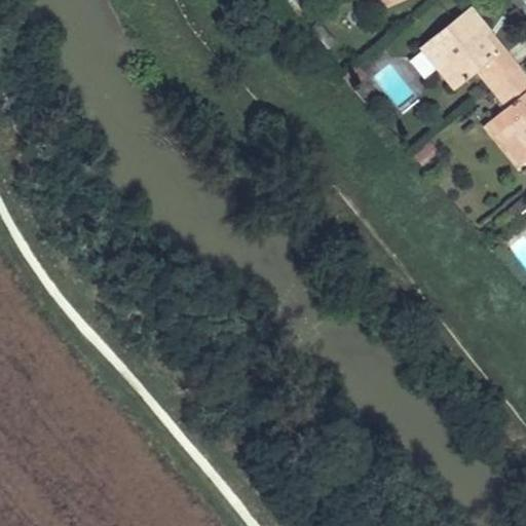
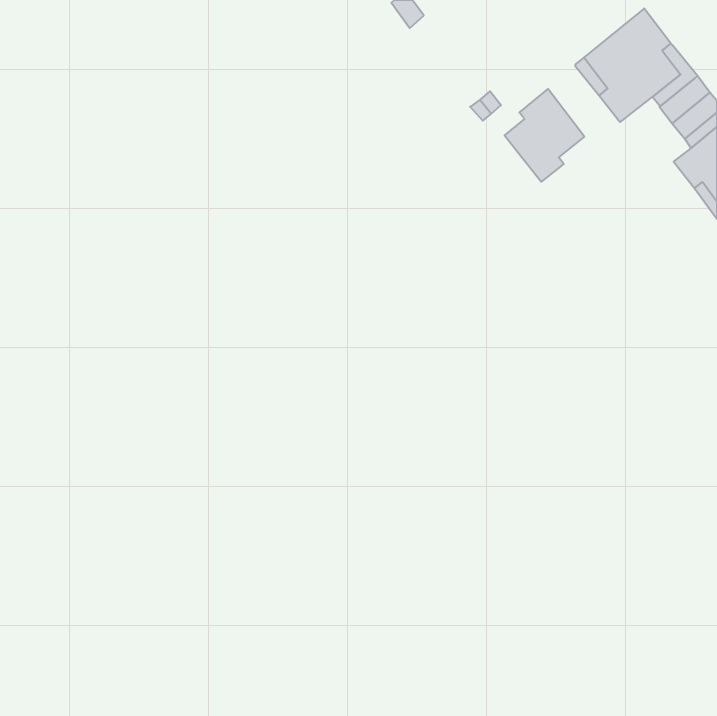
building: none -> [505,89,584,182]

